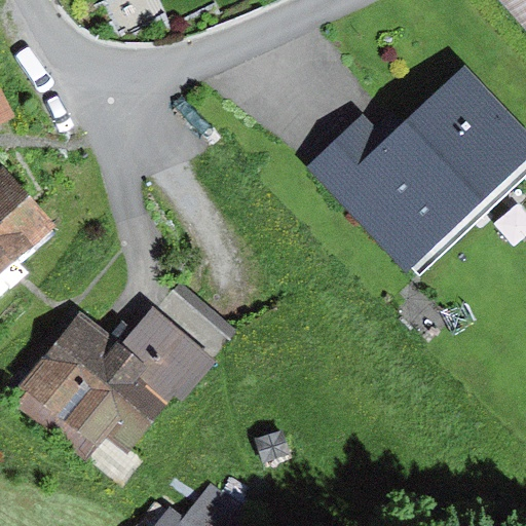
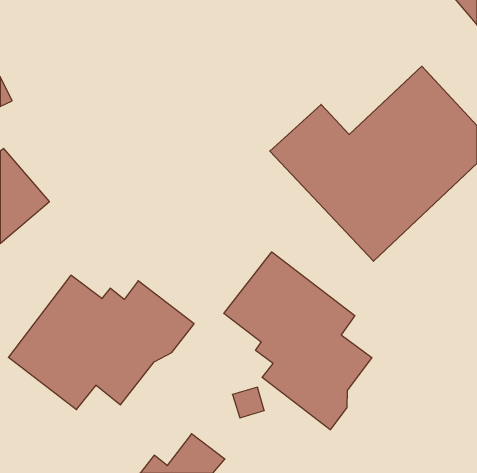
building: none -> [224,252,372,430]

